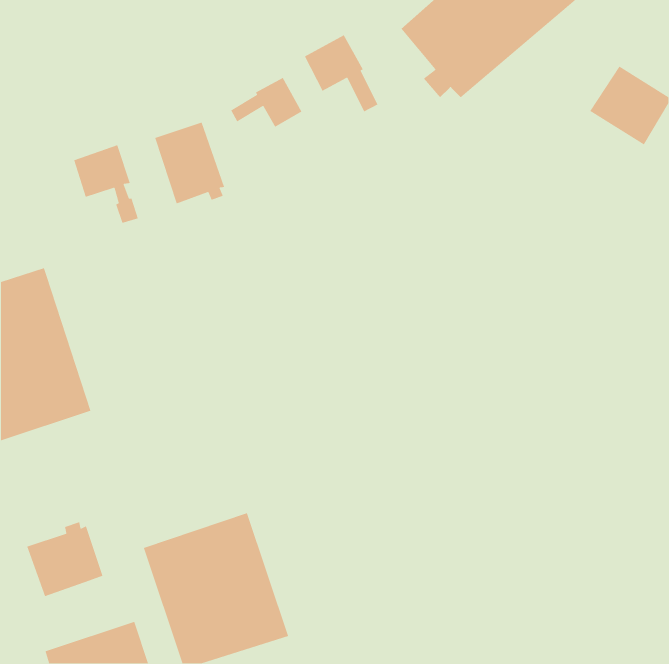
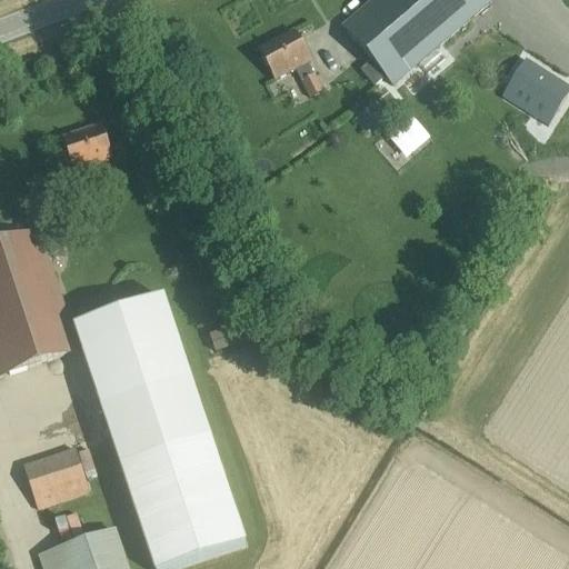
building: [230,77,303,128] -> none
building: [154,121,225,204] -> none
building: none -> [74,295,210,465]

